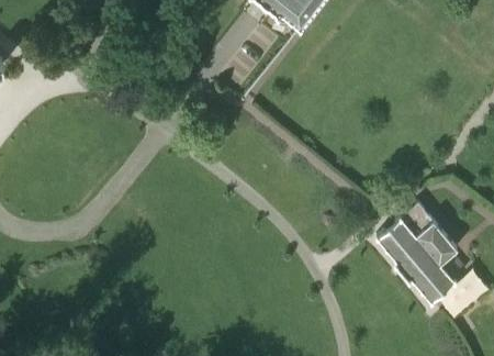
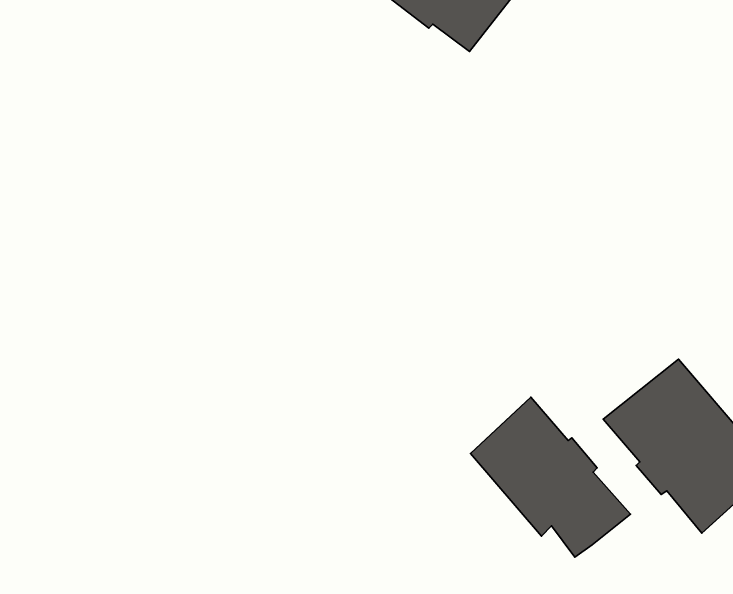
building: none -> [471,397,631,557]

